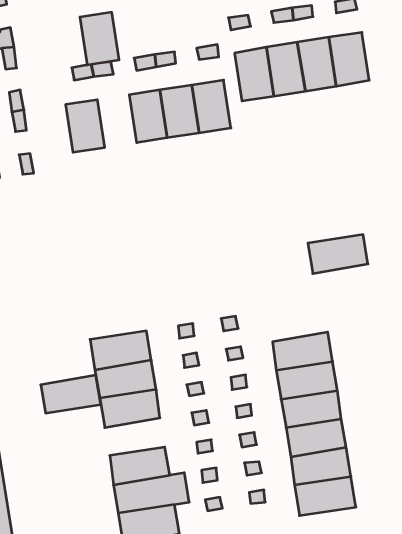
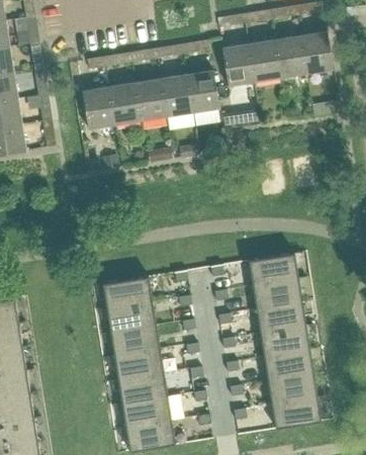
building: [80,12,119,65] -> [108,81,141,124]
building: [308,235,368,274] -> [249,253,298,285]
building: [41,375,101,413] -> [114,348,164,379]

